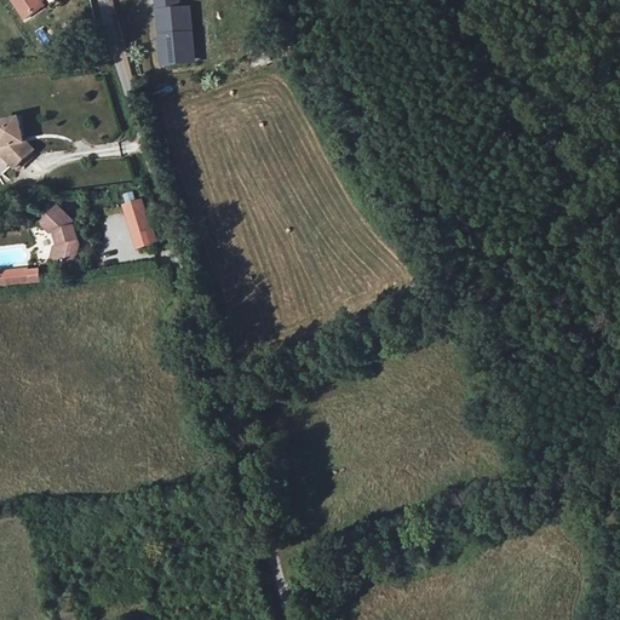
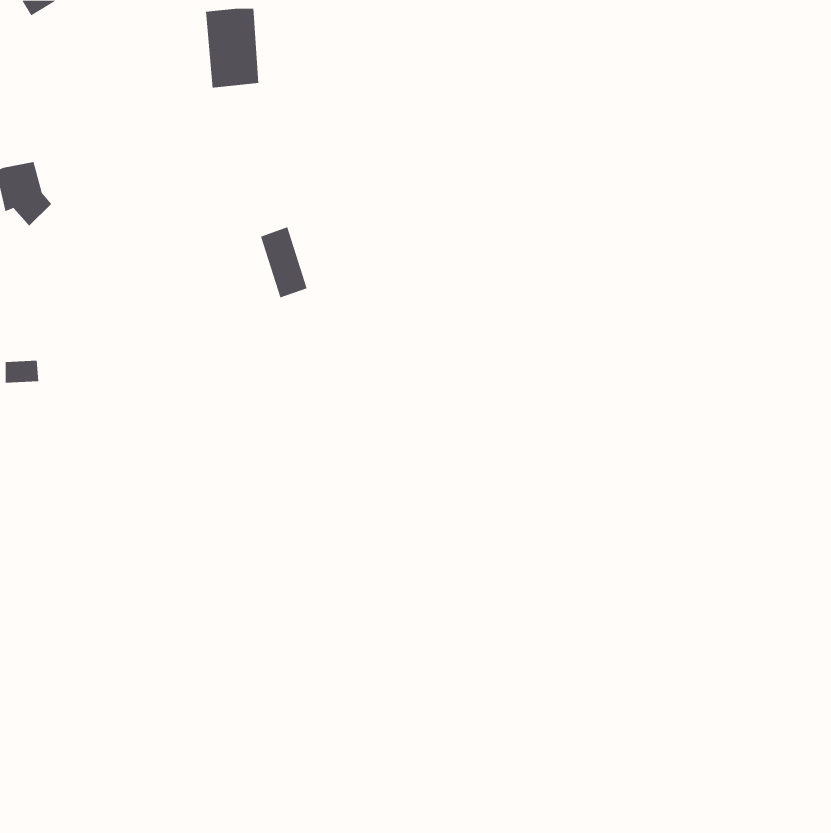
building: [120,197,155,251] -> [260,227,307,298]
building: [42,207,74,265] -> none

